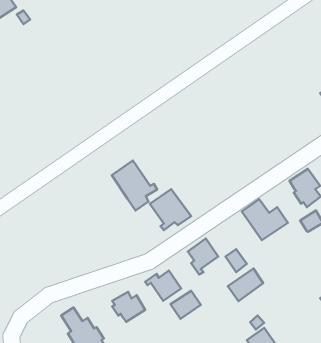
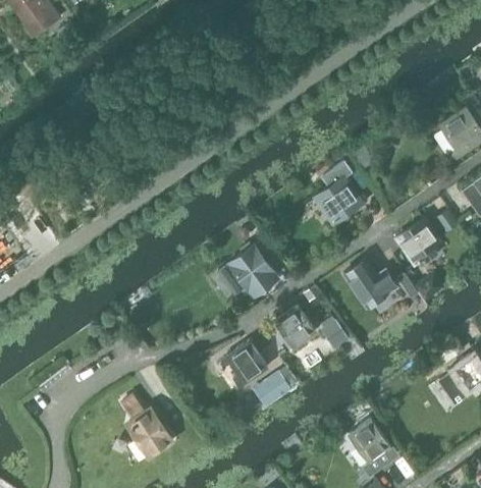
building: none -> [317,162,364,224]
building: [112,160,157,211] -> none
building: [228,269,263,301] -> none
building: [112,292,145,322] -> none

